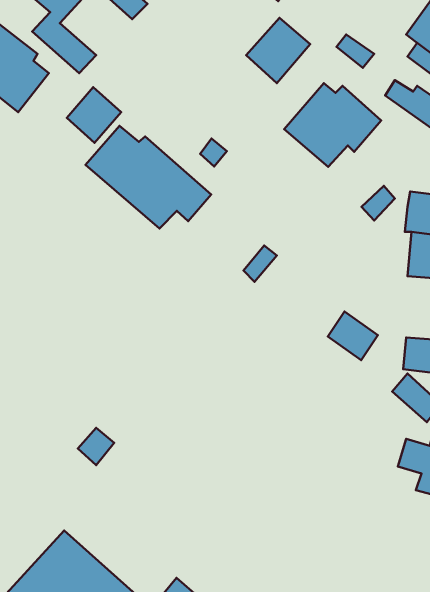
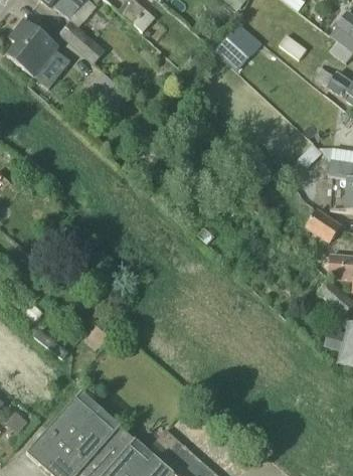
building: [284,83,381,167] -> none
building: [85,126,211,229] -> none
building: [328,312,378,360] -> [305,208,341,244]

